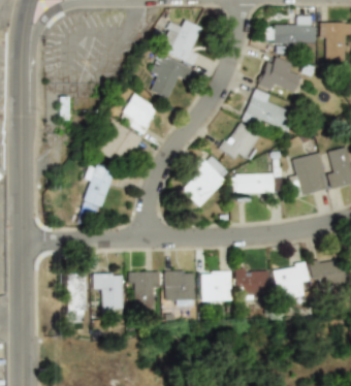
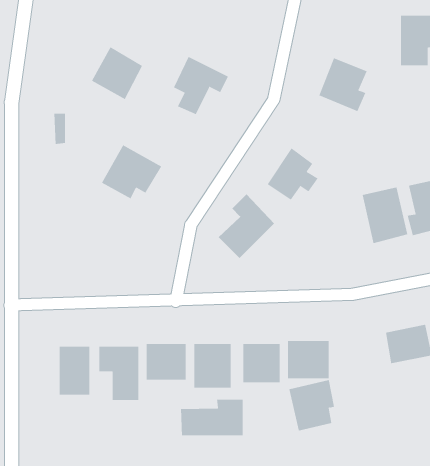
building: [275,15,316,43] -> none
building: [164,19,203,65] -> none
building: [245,90,293,130] -> none
building: [120,93,159,133] -> [91,47,143,100]
building: [78,162,123,219] -> none
building: [233,173,280,201] -> none
building: [273,260,308,299] -> [289,380,335,431]
building: none -> [180,399,243,436]

